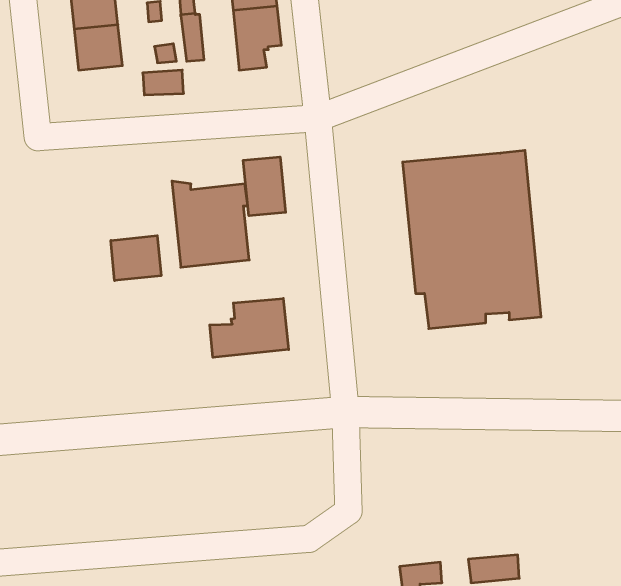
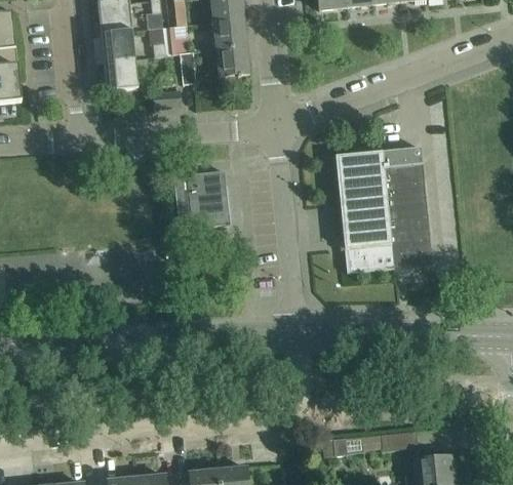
building: [243,157,286,216] -> none
building: [111,236,161,281] -> none
building: [210,298,289,357] -> none

